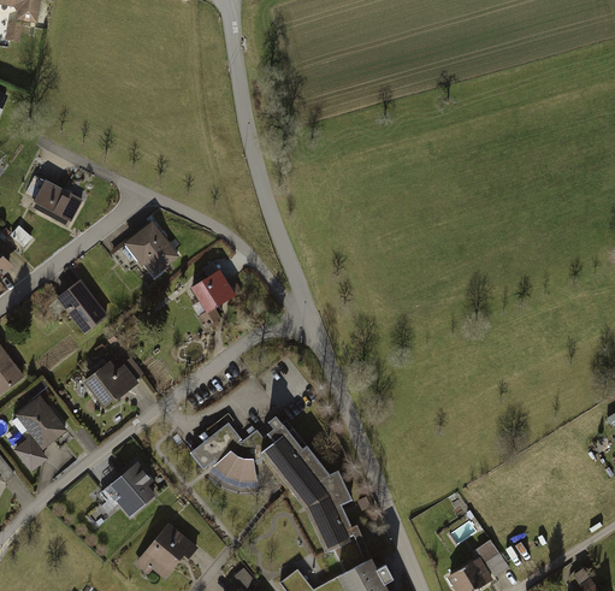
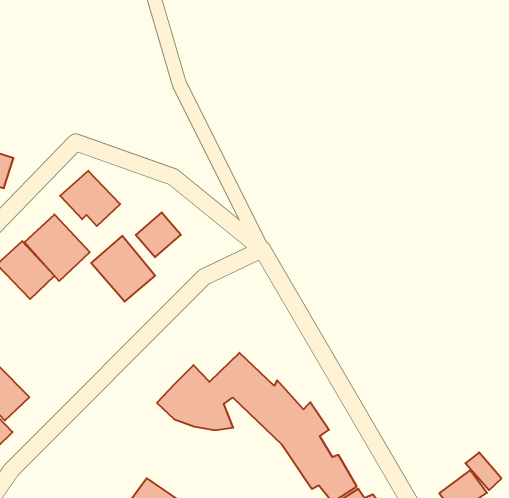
building: none -> [24,214,90,281]
building: none -> [91,236,155,302]
building: [83,360,138,408] -> none
building: [106,462,160,516] -> none

